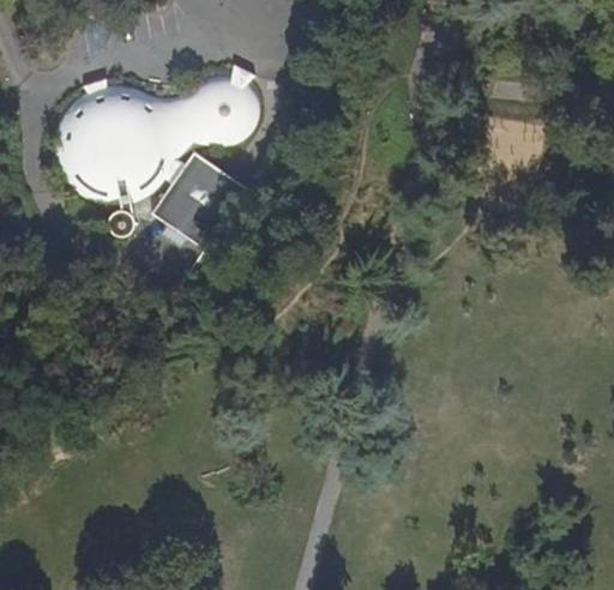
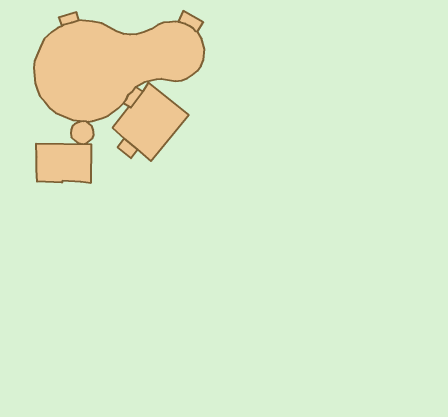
building: none -> [36,144,91,183]

